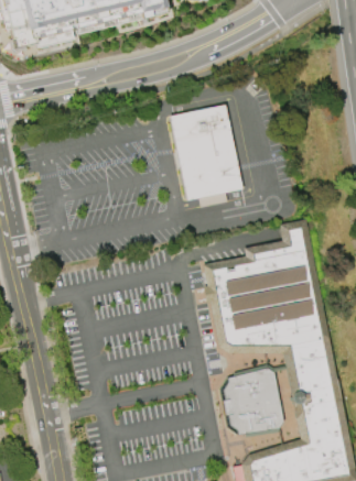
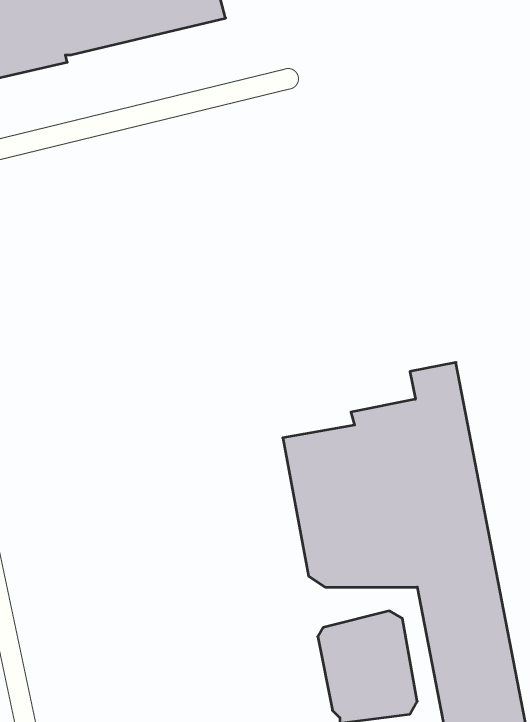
building: [170,105,242,207] -> none

